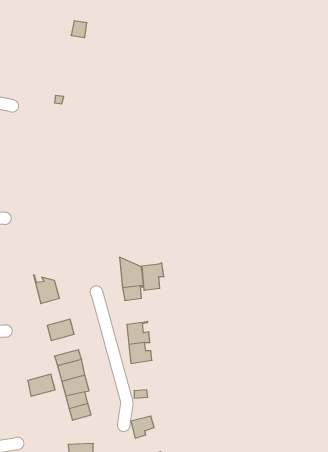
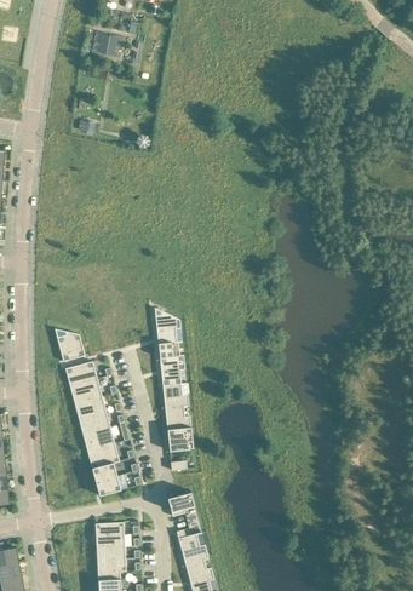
building: [142,263,164,290] -> [160,354,185,385]
building: none -> [65,361,97,386]
building: none -> [167,426,194,451]
building: [28,374,55,396] -> [75,396,107,421]

